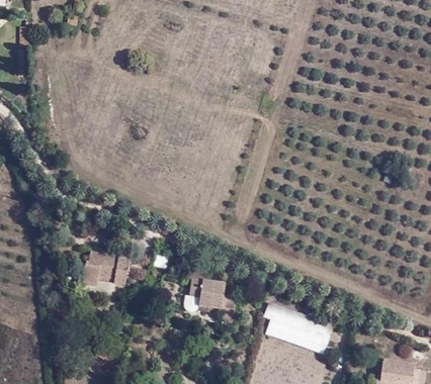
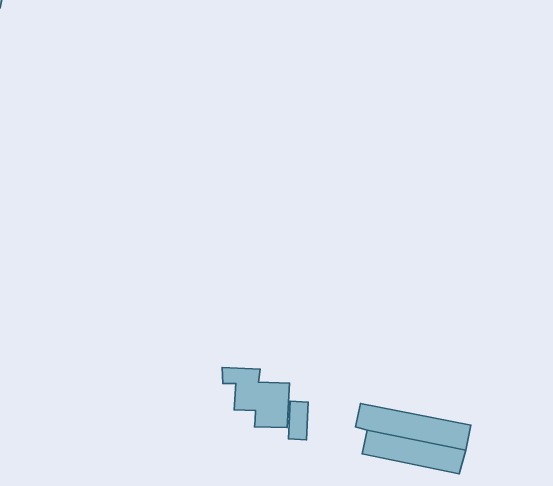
building: [83,248,134,288] -> none

